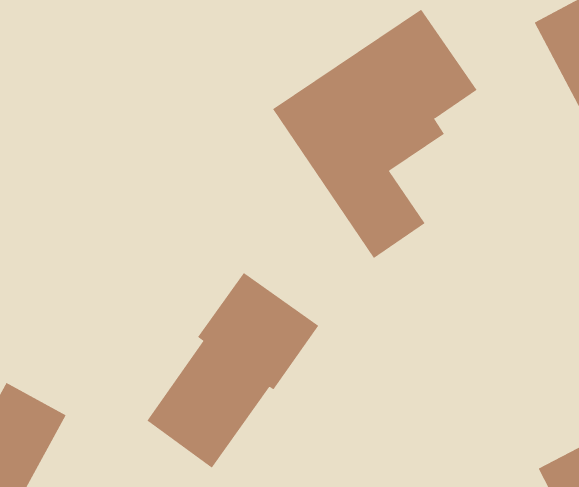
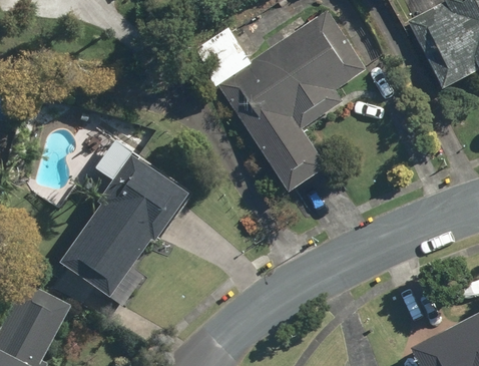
building: [146,272,319,469] -> [56,154,182,298]

